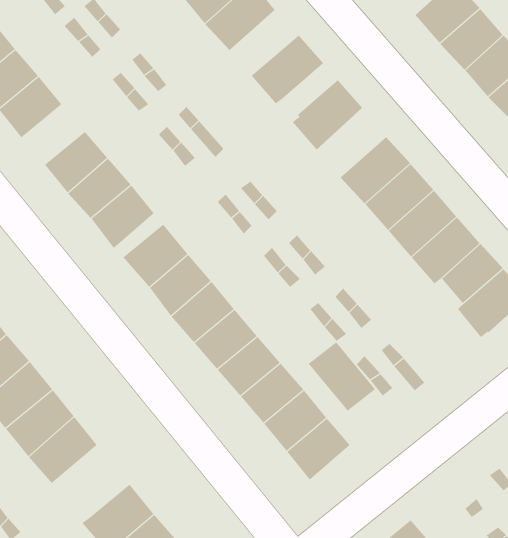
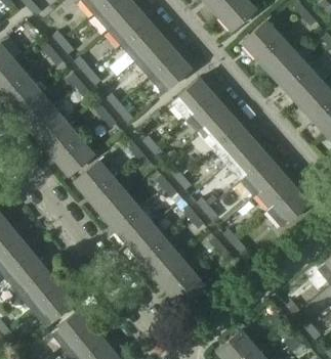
building: none -> [136,38,176,76]
building: none -> [16,92,53,127]
building: none -> [187,94,226,134]
building: [308,341,376,412] -> none
building: none -> [34,287,74,325]

